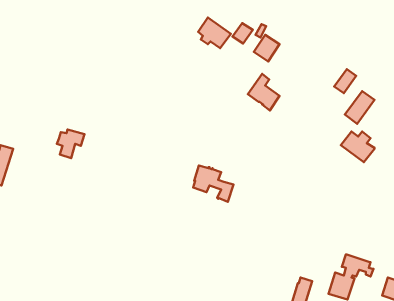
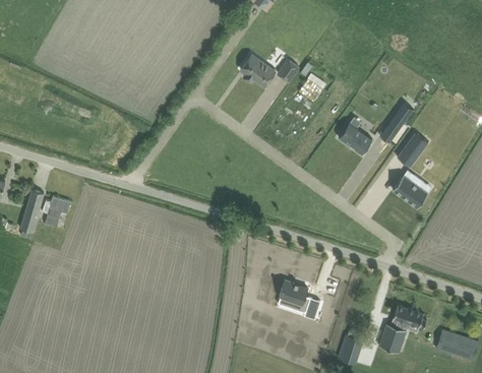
building: [248,74,280,110] -> [339,116,372,154]
building: [57,129,85,158] -> [42,196,71,227]
building: [193,165,233,202] -> [279,281,321,319]

